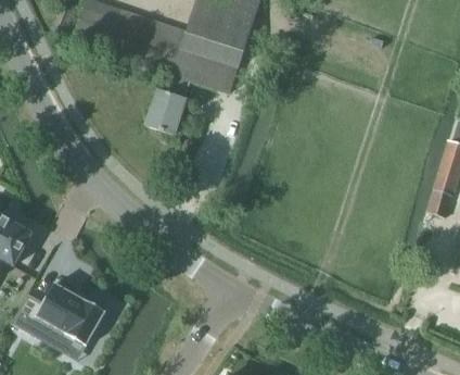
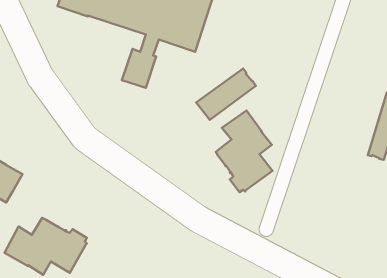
building: none -> [196,68,256,120]
building: none -> [216,110,272,192]

